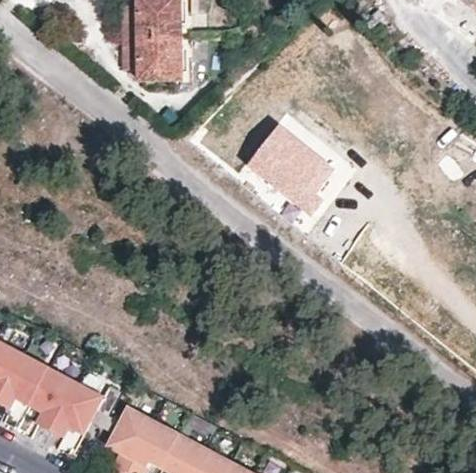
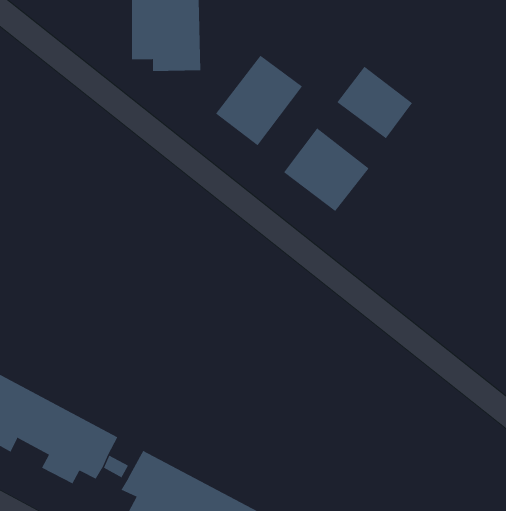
building: none -> [215,55,303,146]
building: none -> [337,66,413,139]

